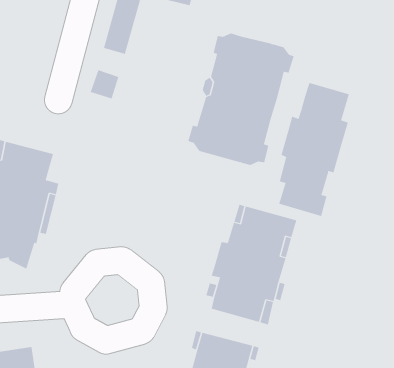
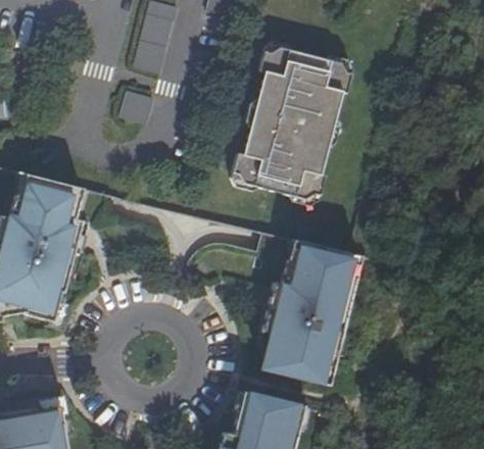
building: [279,82,349,217] -> none

